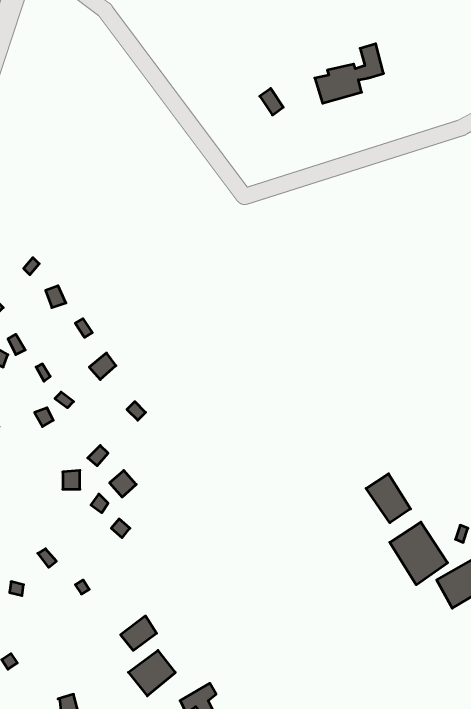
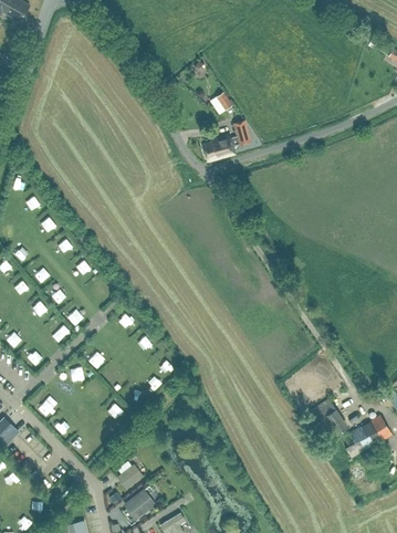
building: [315,44,384,103] -> [201,121,250,163]
building: [366,474,411,523] -> none

